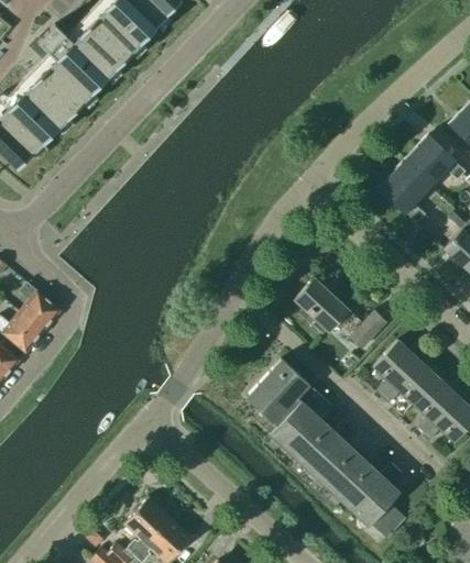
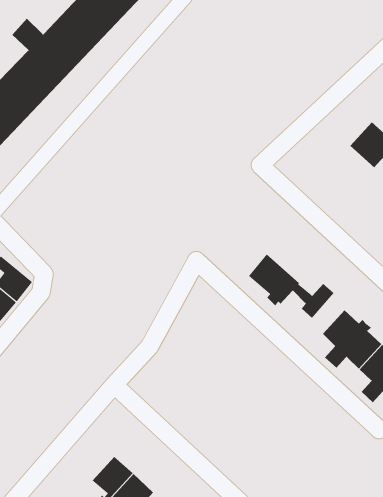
building: [380,163,430,223] -> none
building: [247,358,406,538] -> none

